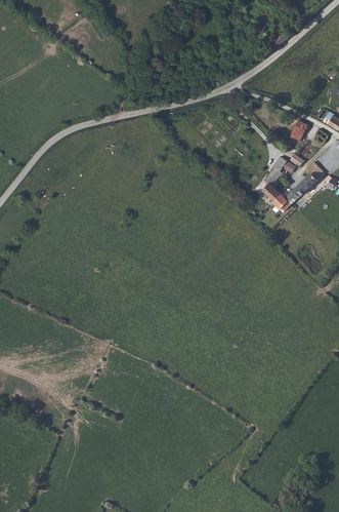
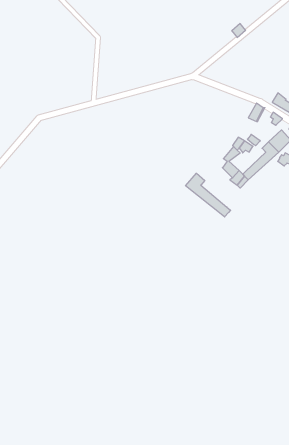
building: none -> [186,173,231,217]

